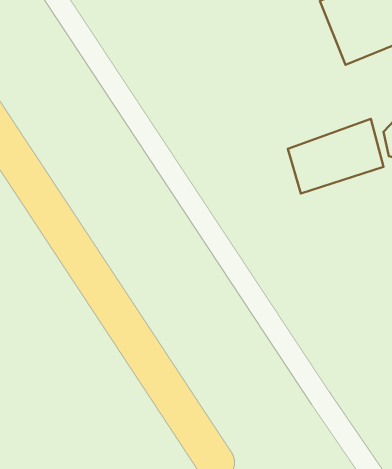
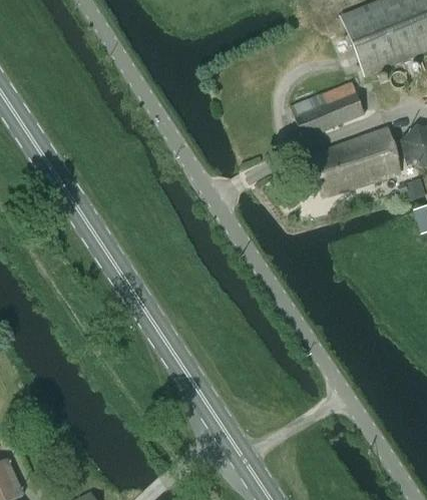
building: none -> [291,80,366,138]

